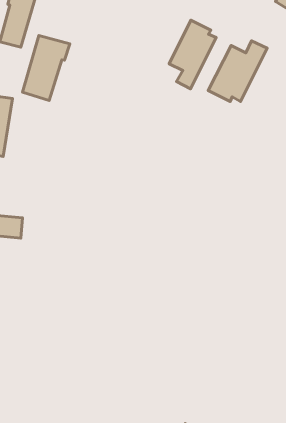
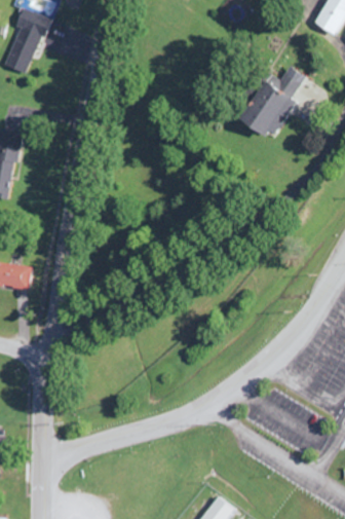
building: [169,20,216,89] -> none
building: [22,35,70,101] -> none

